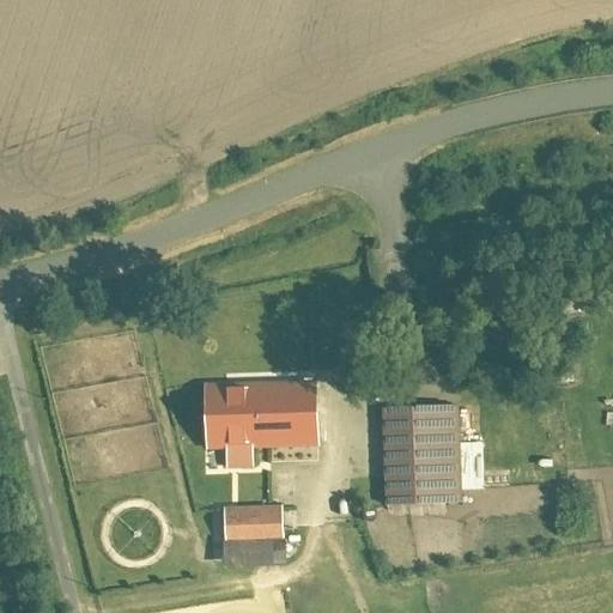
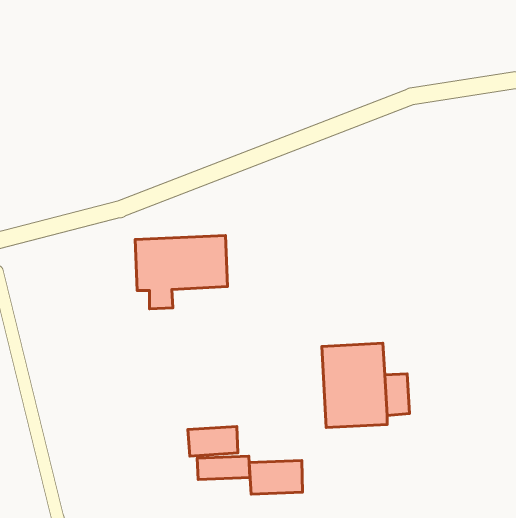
building: [206,381,315,467] -> [135,236,228,309]
building: none -> [249,460,303,494]

